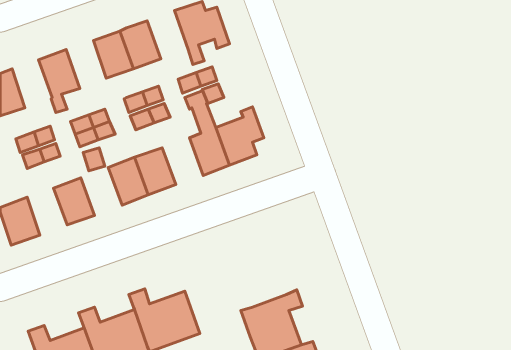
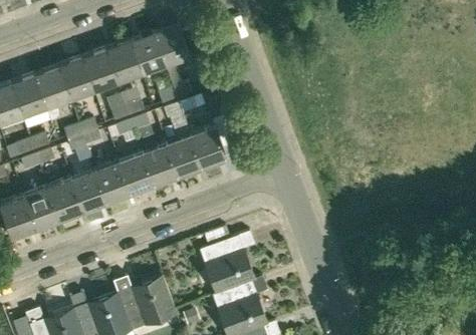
building: none -> [130,32,166,74]
building: none -> [58,58,93,100]
building: none -> [11,75,46,117]
building: none -> [143,143,179,185]
building: none -> [71,170,107,212]
building: none -> [24,188,59,229]
building: none -> [199,227,254,294]

